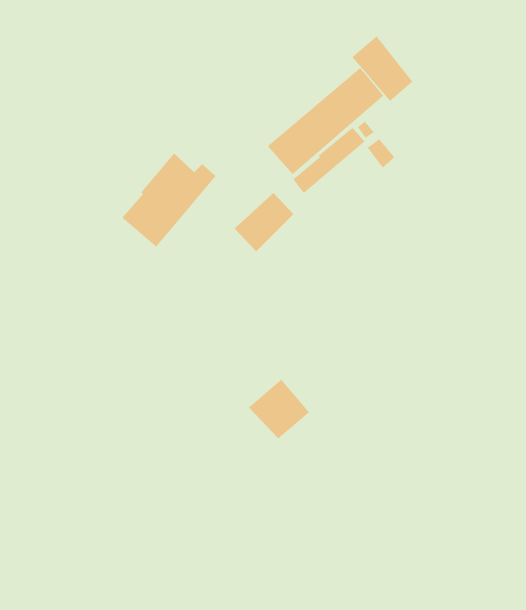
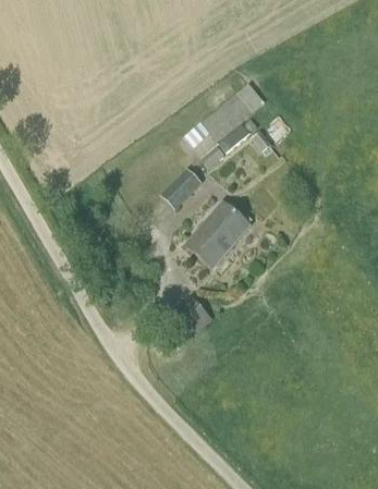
building: [352,36,413,102] -> none
building: [122,153,216,247] -> [188,203,254,268]

